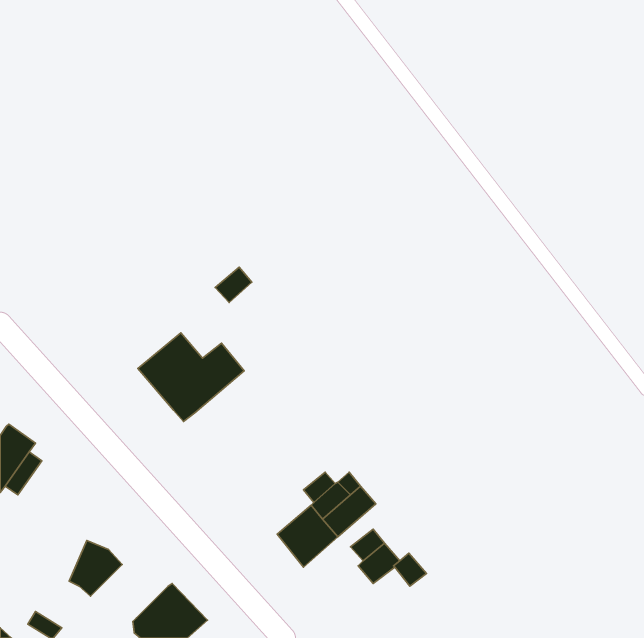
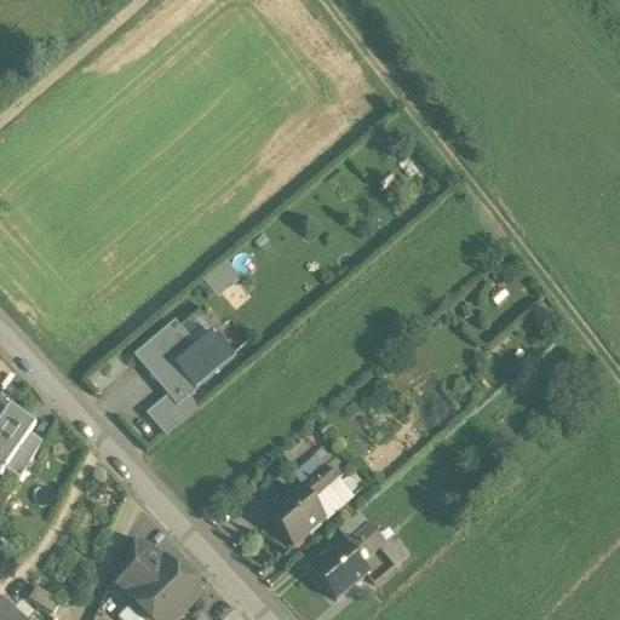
building: none -> [148,392,199,432]
building: [69,541,122,596] -> [113,538,163,591]
building: none -> [312,540,368,595]

